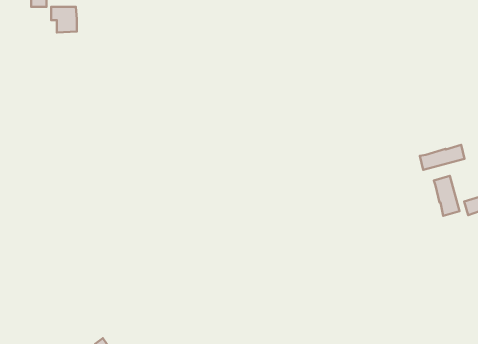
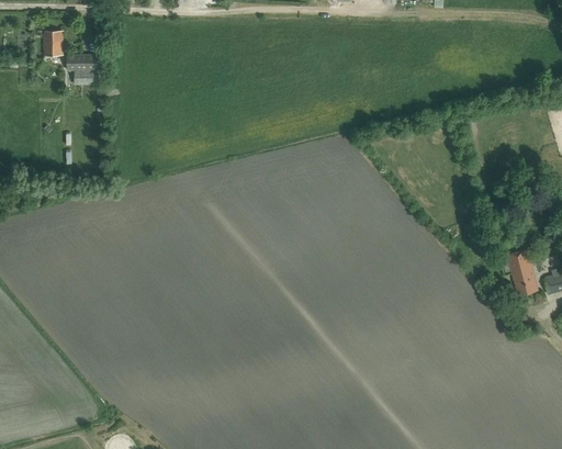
building: [420,145,464,170] -> none

